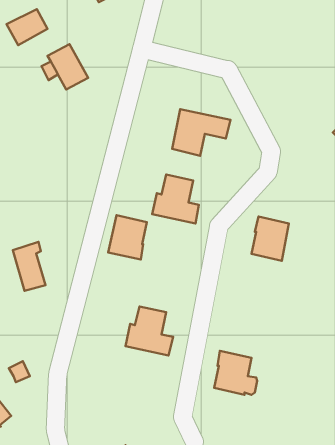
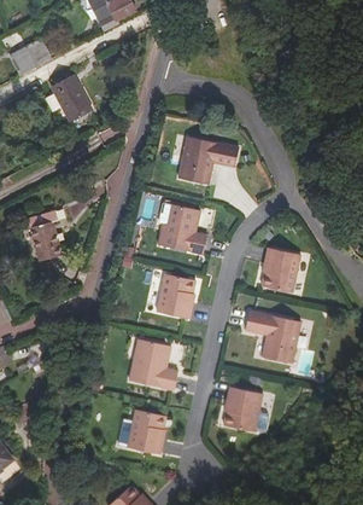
building: [108,215,147,259] -> [156,273,195,319]
building: [13,242,46,291] -> [27,204,60,255]
building: none -> [244,312,299,364]
building: none -> [119,410,168,454]

